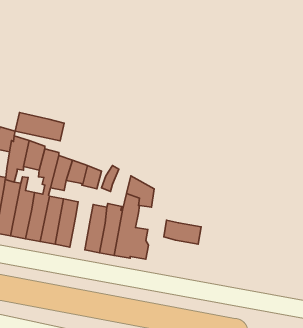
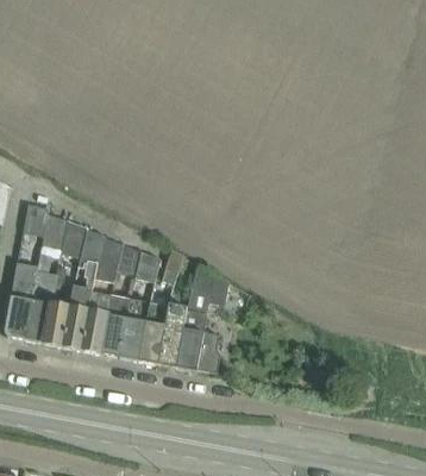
building: [15,112,64,141] -> none
building: none -> [119,299,149,361]
building: [164,220,201,244] -> none

